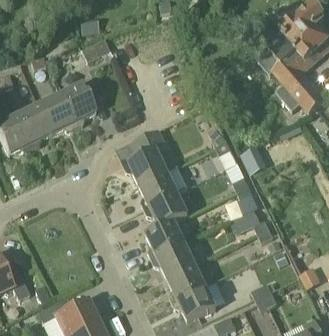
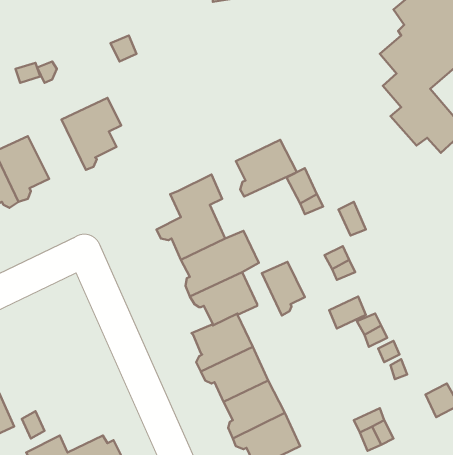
building: [38,93,76,132] -> none
building: none -> [236,140,297,197]
building: none -> [262,262,305,315]

